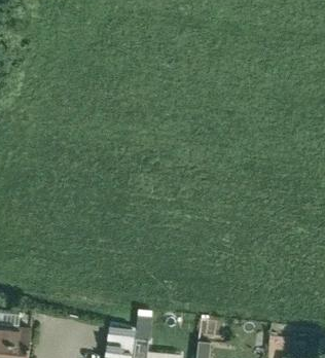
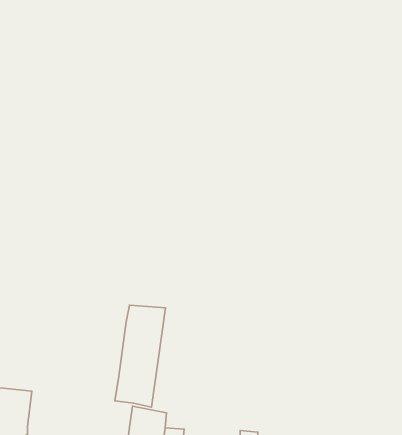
building: none -> [115,305,165,407]

